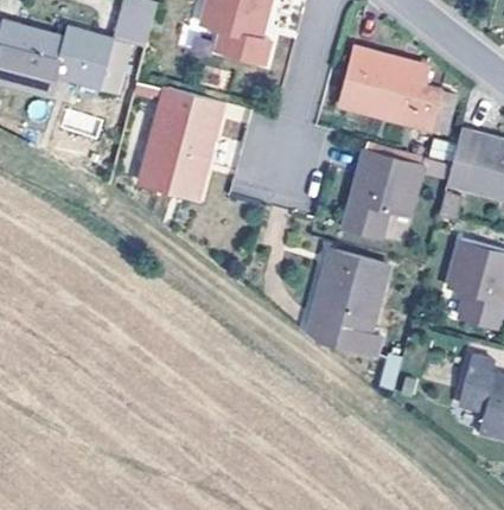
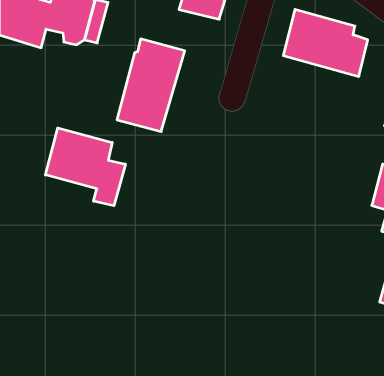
building: [345,152,422,235] -> none
building: none -> [45,128,125,206]
building: [314,249,388,356] -> none

